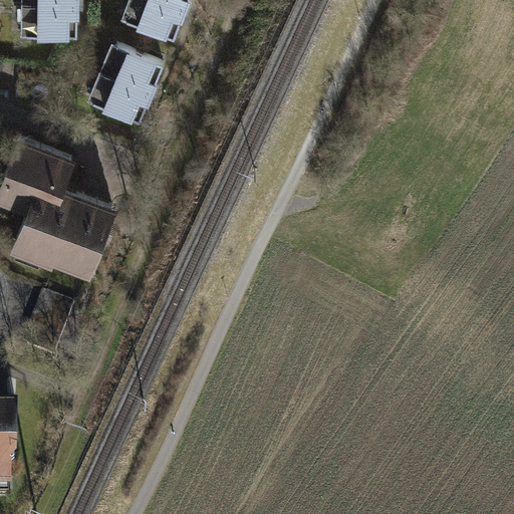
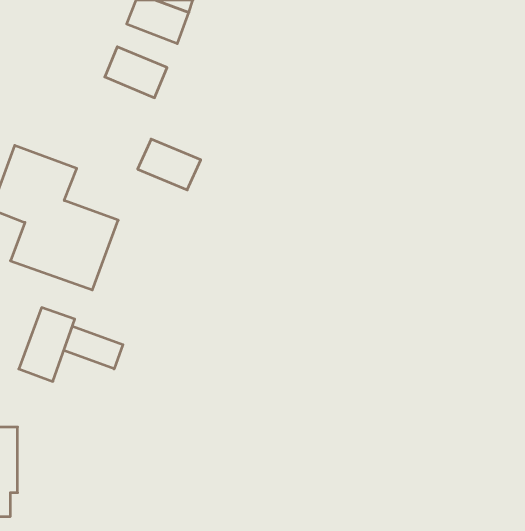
building: [22,5,74,37] -> none
building: [88,74,150,123] -> [138,139,201,190]
building: none -> [64,326,123,369]

